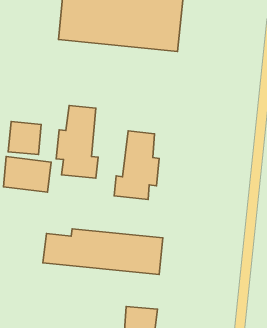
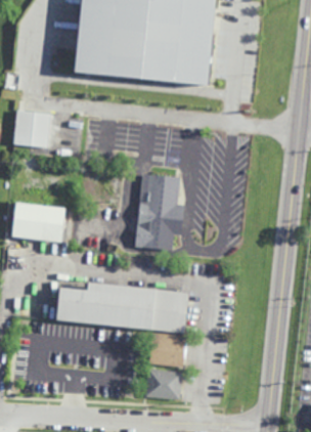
building: [56,105,98,178] -> none
building: [8,122,41,155] -> [12,109,49,145]
building: none -> [149,335,187,368]

